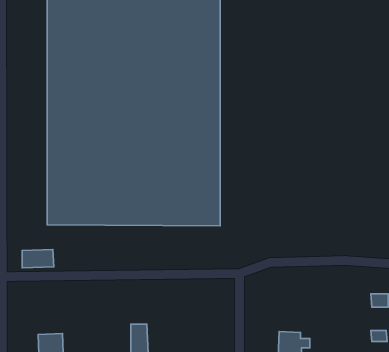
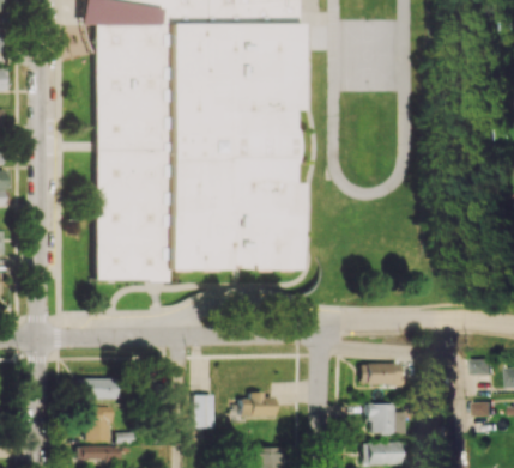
building: [22,250,54,268] -> [80,378,117,400]
building: none -> [358,364,398,384]
building: none -> [238,393,274,417]

